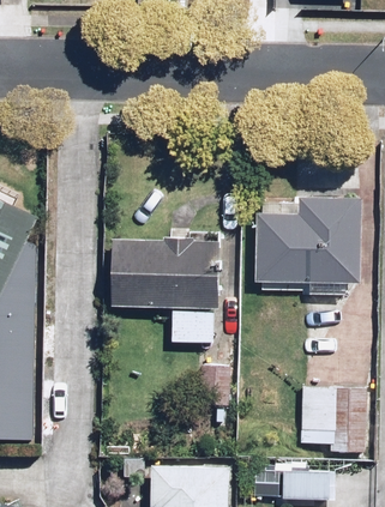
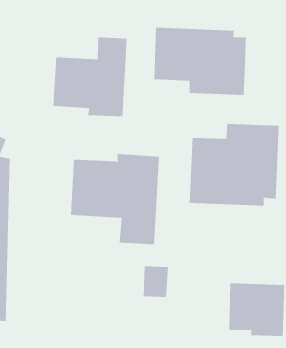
building: none -> [154,27,246,96]
building: none -> [53,36,127,117]

